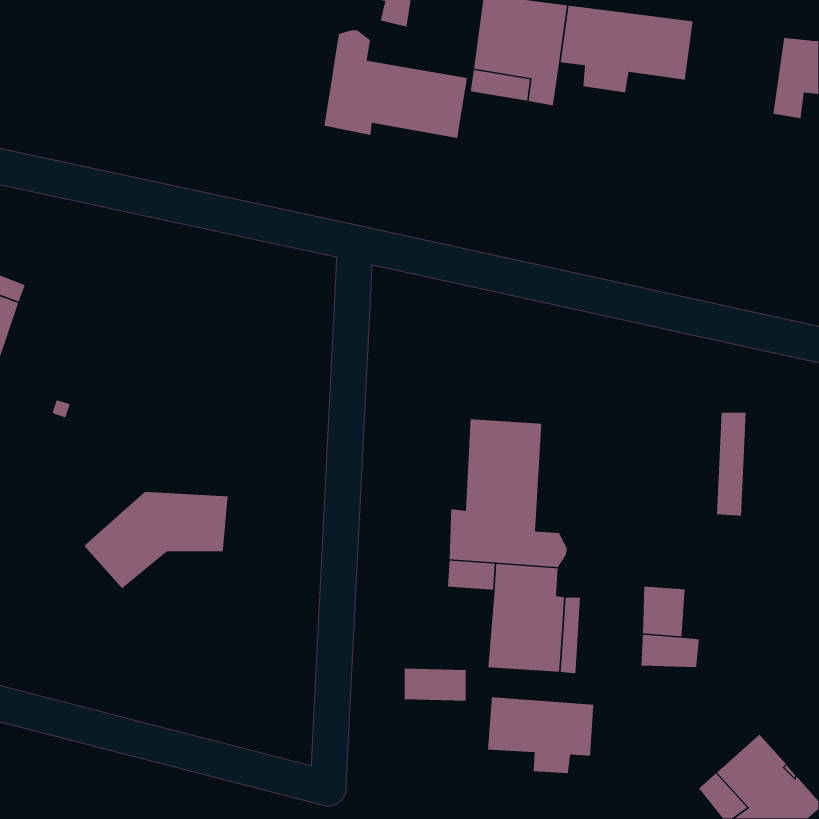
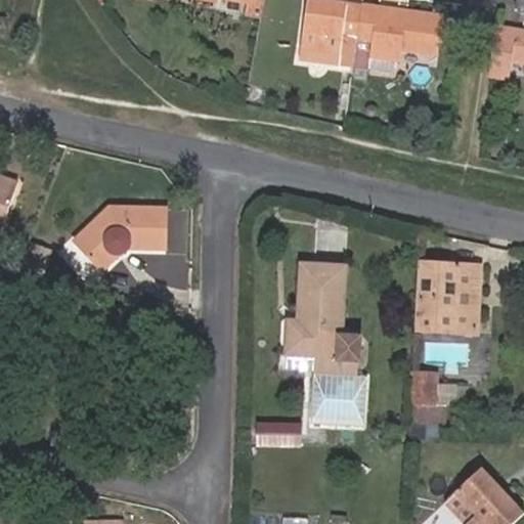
building: [323,30,468,139] -> none
building: none -> [418,259,458,328]
building: [84,491,228,589] -> [73,206,165,268]
building: [487,696,594,774] -> none

